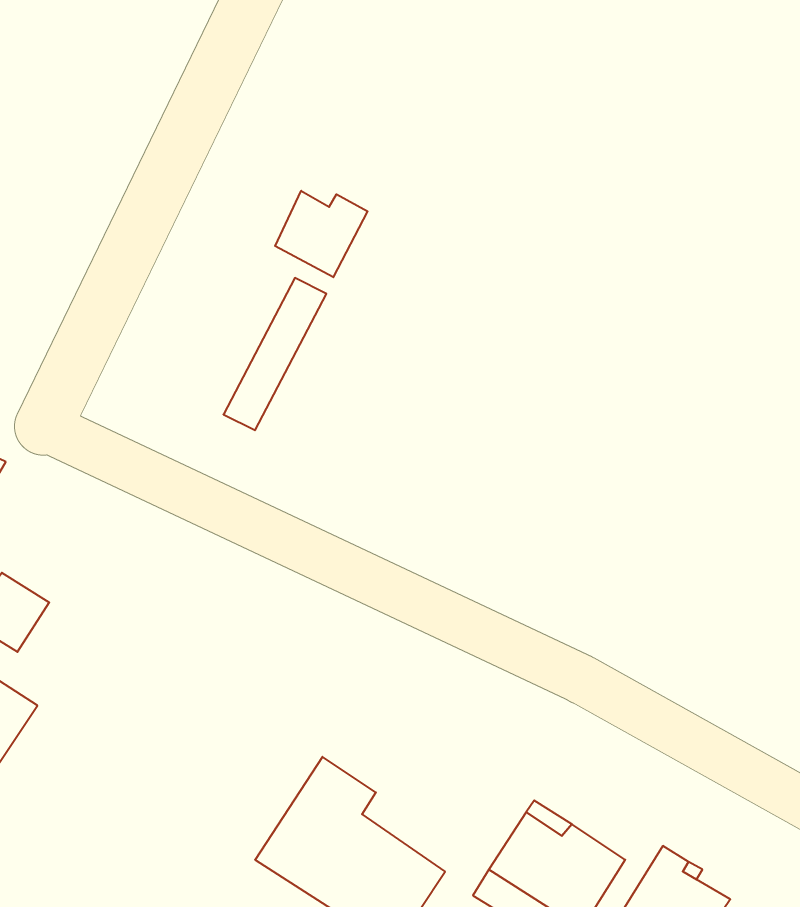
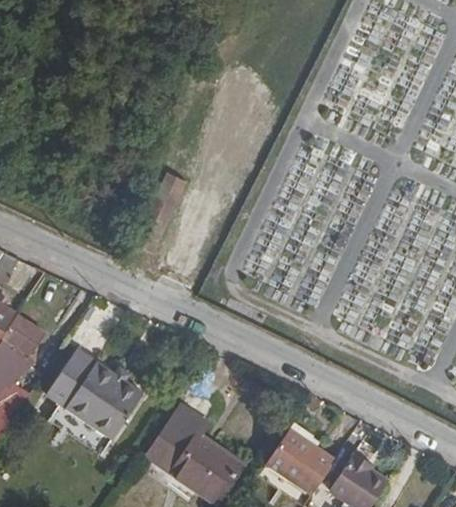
building: [275,191,368,277] -> none
building: none -> [51,349,145,452]

